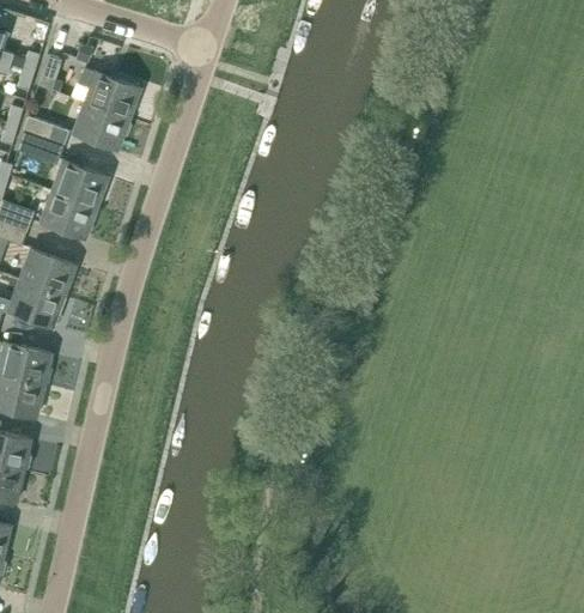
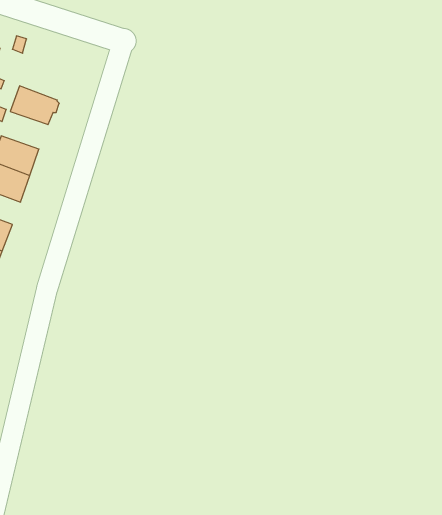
building: [78,68,140,121] -> none

